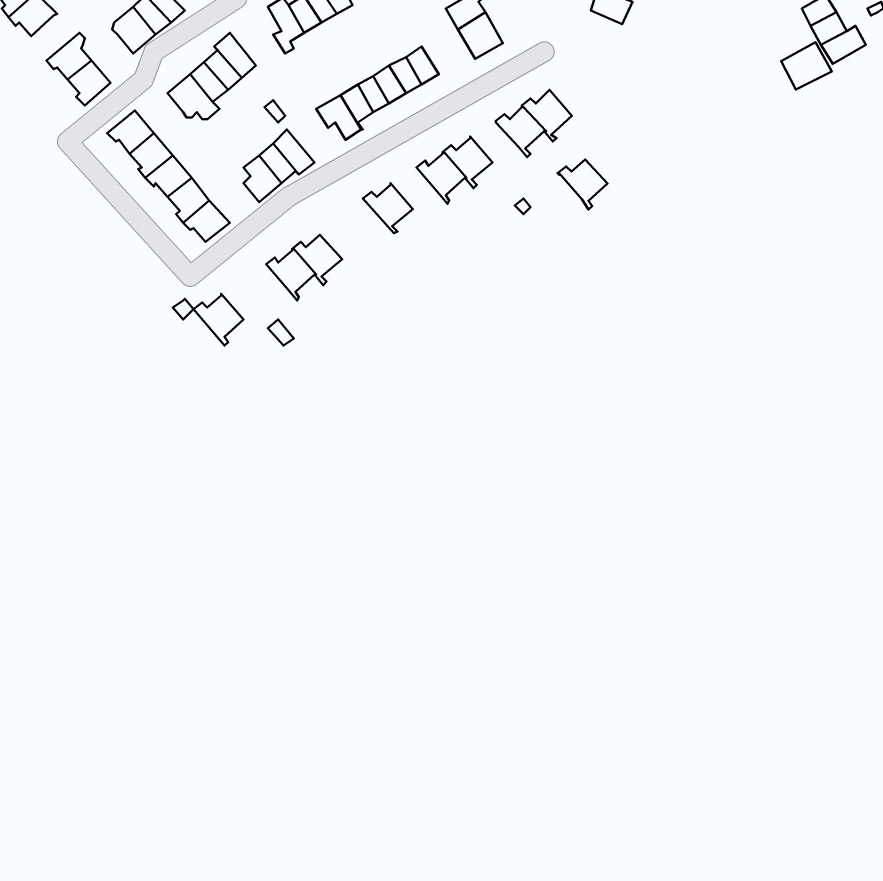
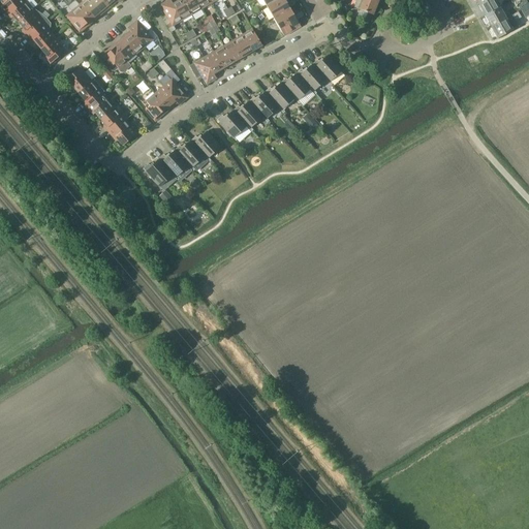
building: none -> [19,8,48,36]
building: [781,42,832,90] -> none
building: [558,159,608,210] -> [280,73,310,103]
building: none -> [232,100,262,130]
building: none -> [190,130,221,161]
building: [193,294,244,346] -> [143,158,173,189]

